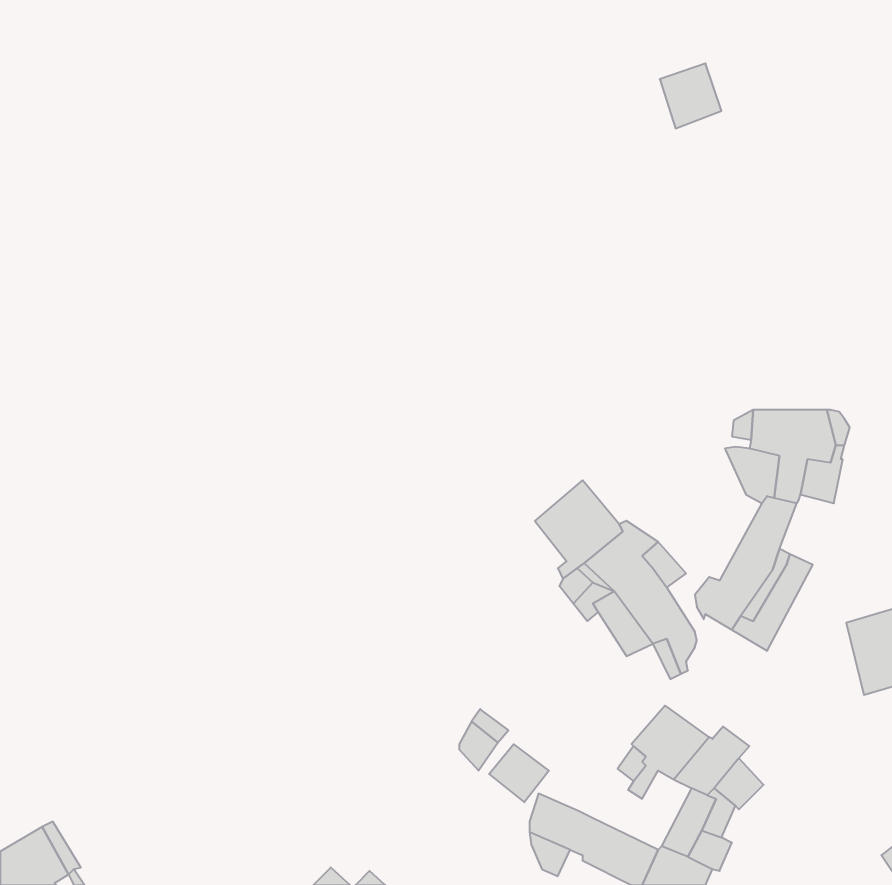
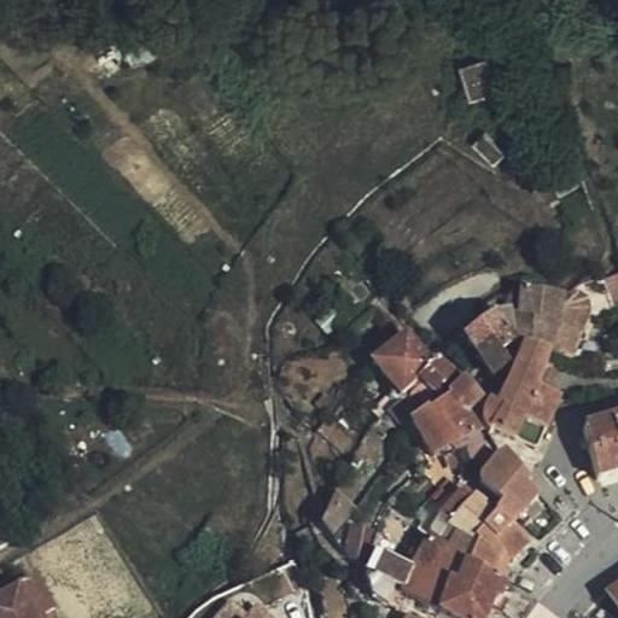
building: none -> [462,308,517,371]
building: none -> [478,455,538,512]
building: none -> [412,529,479,583]

